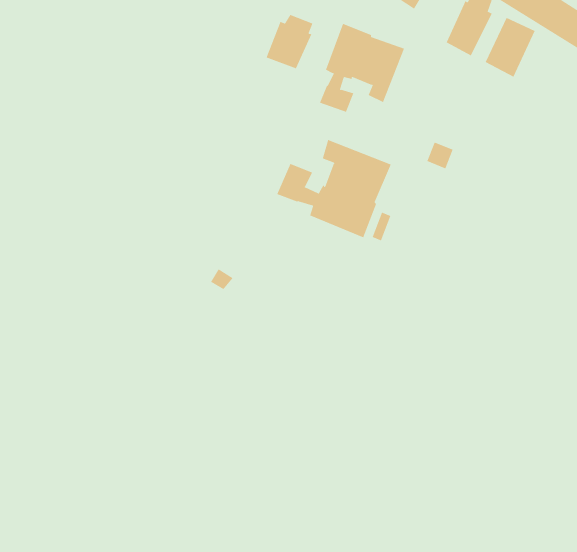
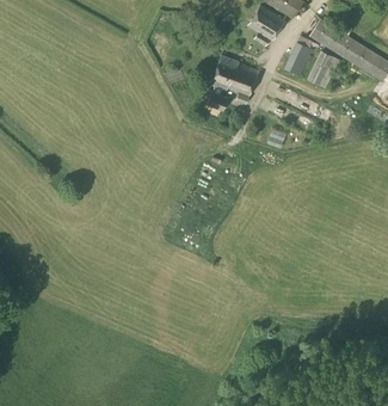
building: [266,14,313,69] -> none
building: [277,139,392,238] -> none

